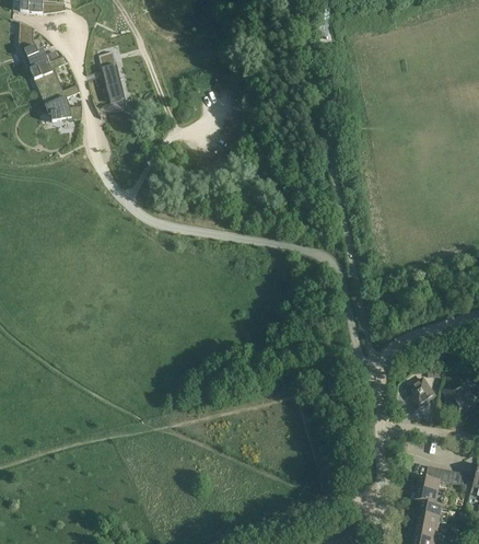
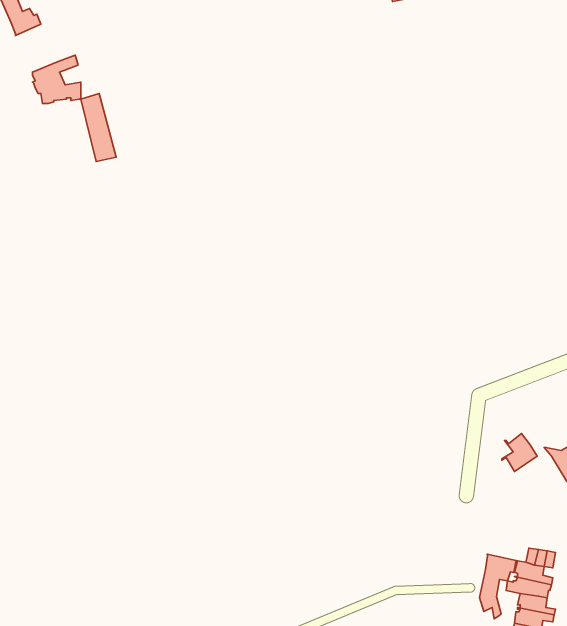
building: [98,49,126,102] -> [81,93,116,161]
building: [31,57,63,96] -> none
building: none -> [480,554,516,619]

